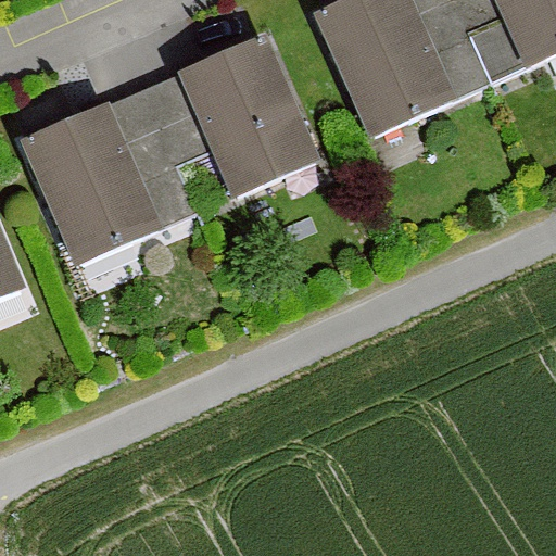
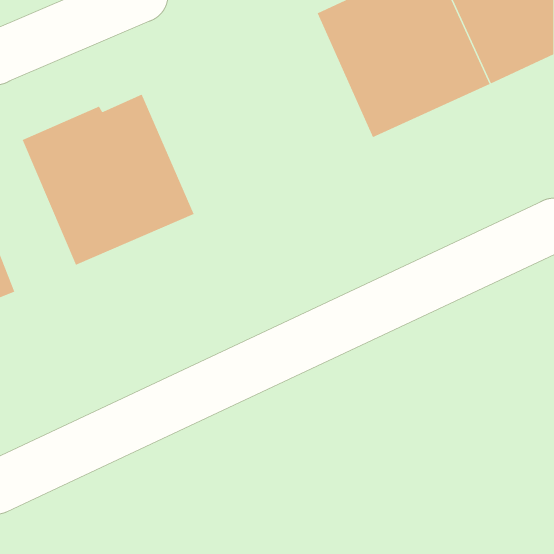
building: [141,38,311,213] -> none

